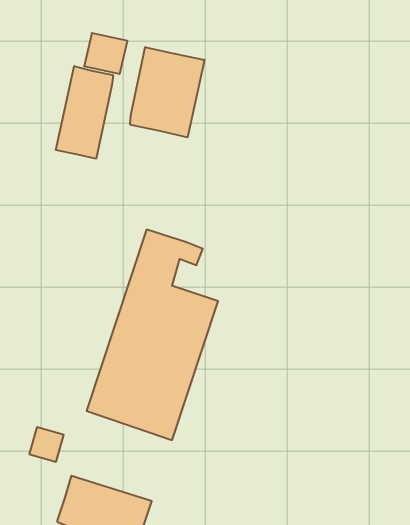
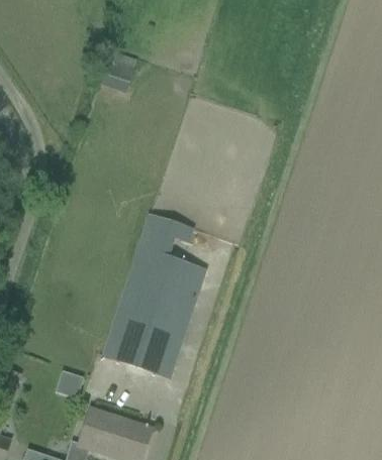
building: [130,47,205,137] -> none
building: [56,66,113,159] -> none

